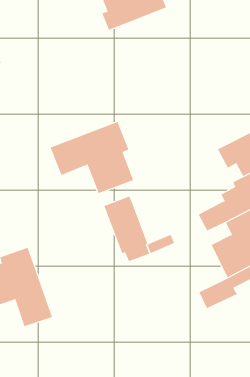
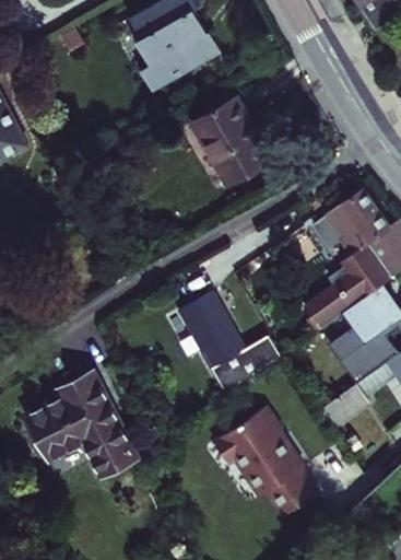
building: none -> [201,97,282,185]
building: [50,121,134,194] -> none
building: none -> [209,410,306,514]

